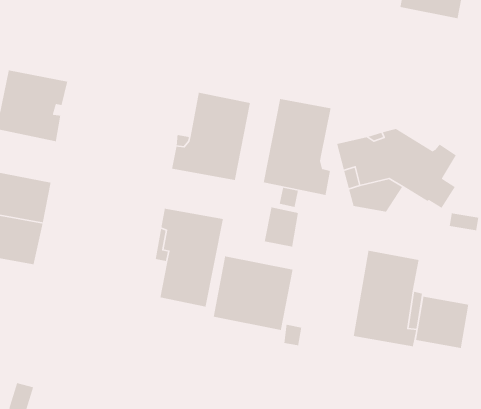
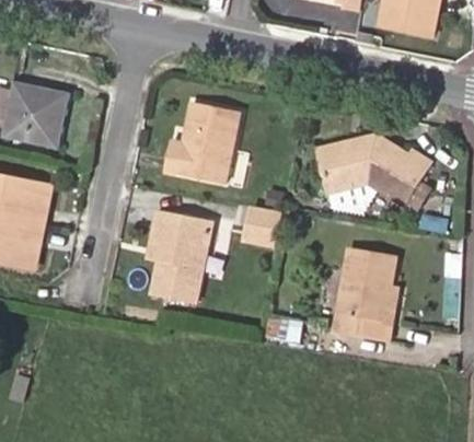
building: [263,98,331,196] -> none
building: [213,255,293,331] -> none
building: [415,296,469,349] -> none

